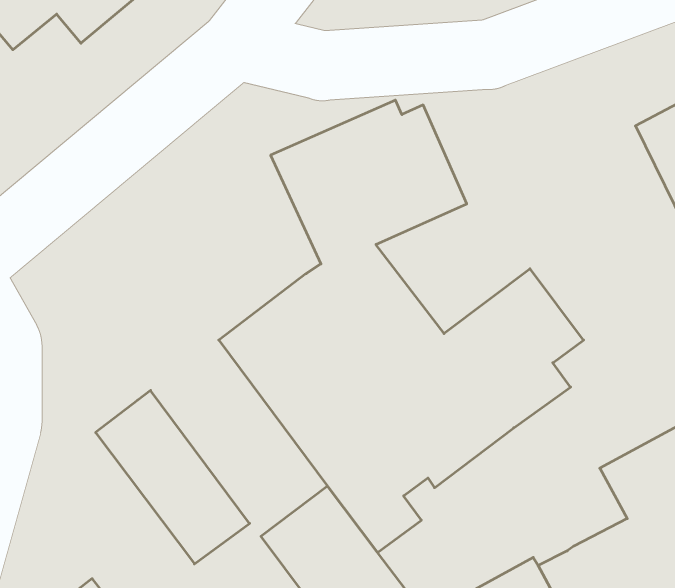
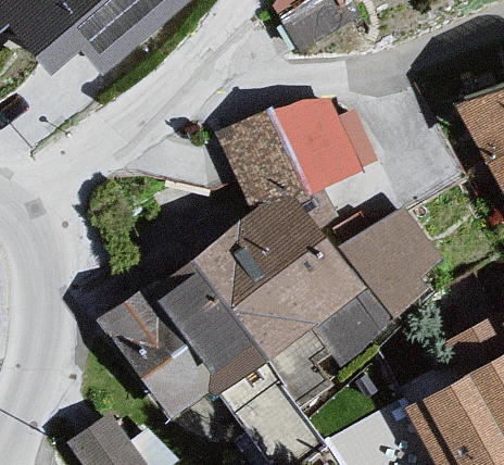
building: none -> [146,260,264,391]

